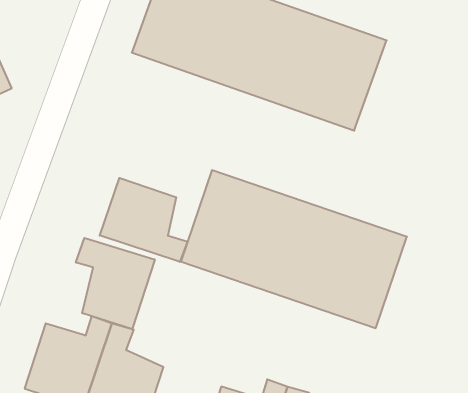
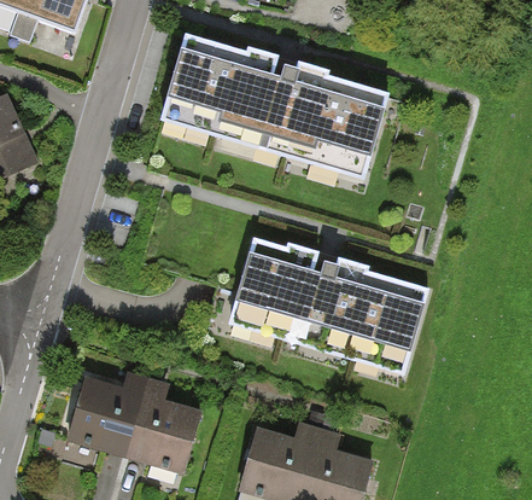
building: [100,178,187,262] -> none
building: [76,238,155,329] -> none

